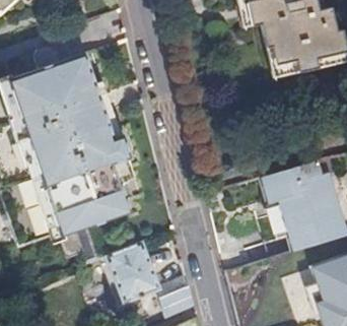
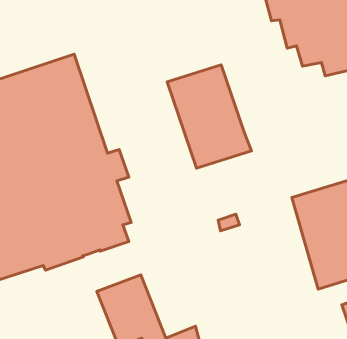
building: none -> [167,65,251,168]

